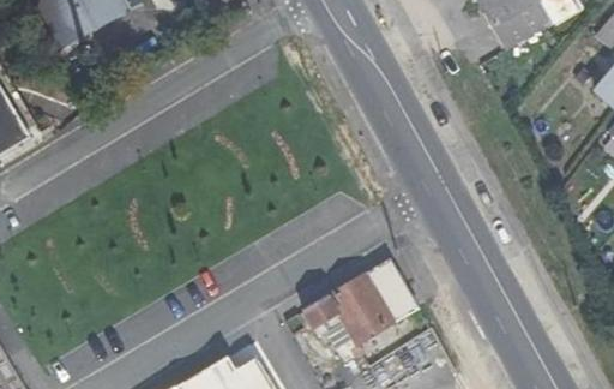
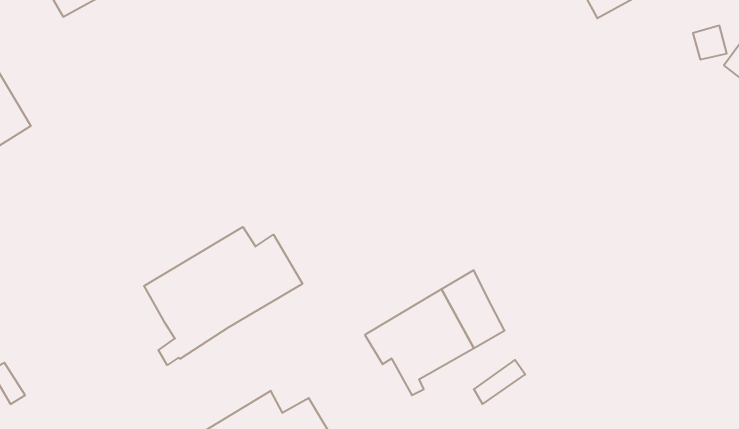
building: none -> [144,227,302,365]

